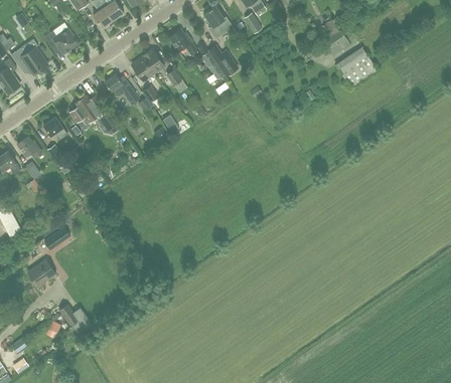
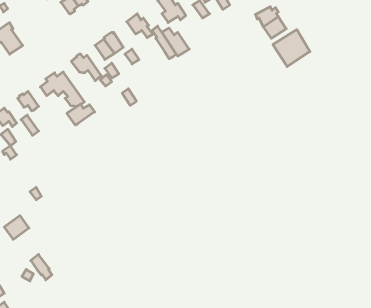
building: [43,28,79,54] -> none
building: none -> [67,104,95,125]

